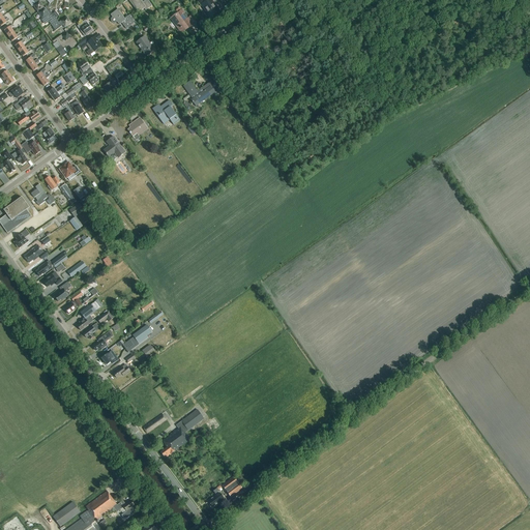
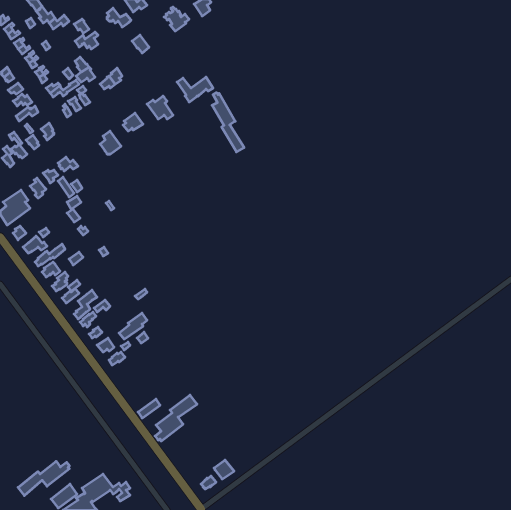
building: none -> [212,93,244,152]
building: none -> [18,461,69,496]

